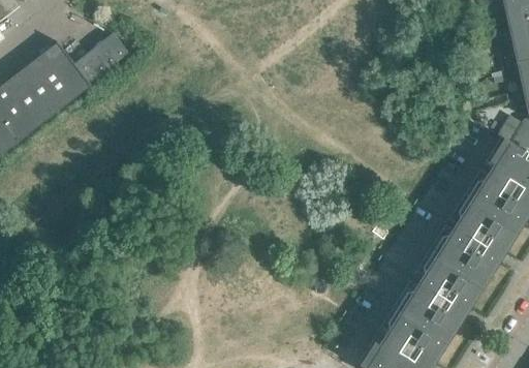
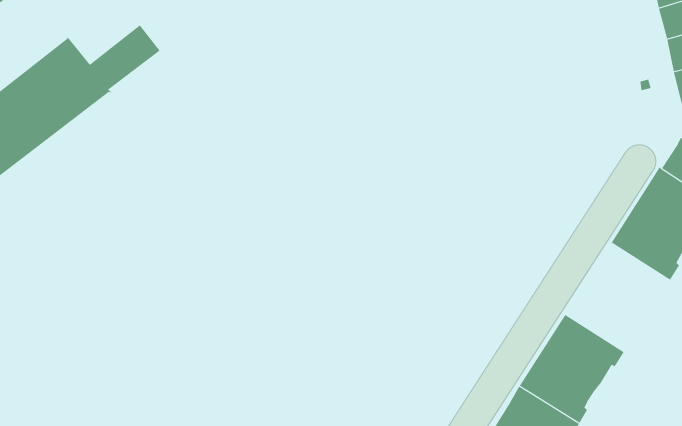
building: [436,200,517,283] -> none

